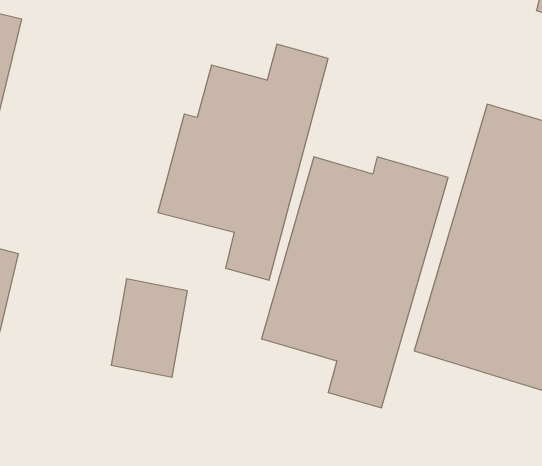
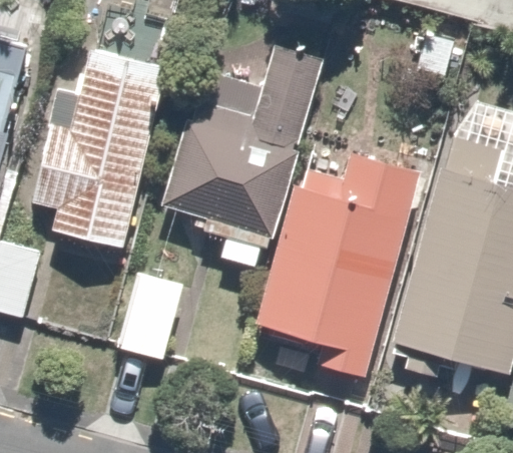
building: none -> [31,48,165,247]

